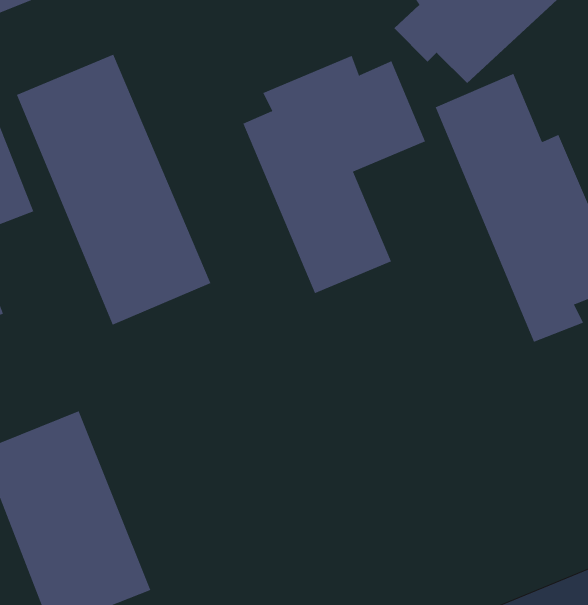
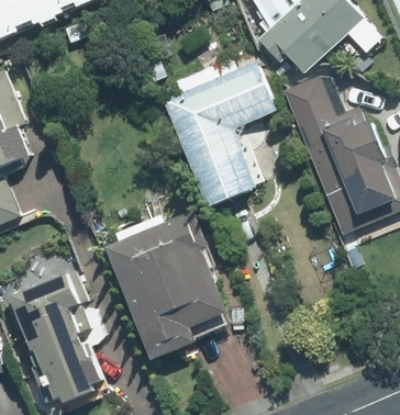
building: [16,54,211,326] -> none
building: none -> [105,210,227,360]

